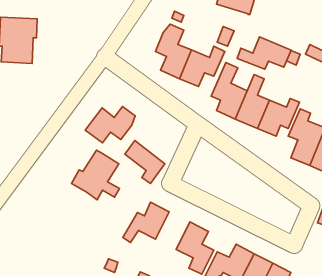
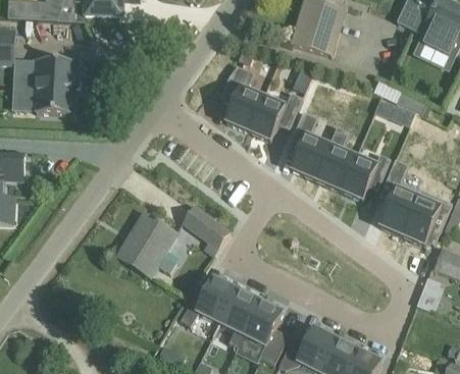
building: [237,37,291,69] -> none
building: [85,106,135,143] -> none
building: none -> [219,290,260,348]

